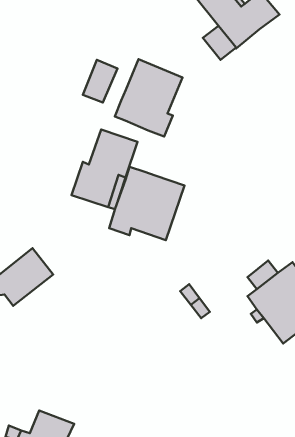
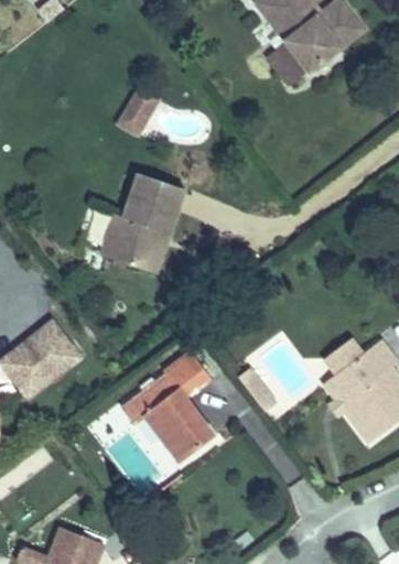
building: [115,59,182,137] -> none
building: [109,167,184,240] -> none
building: none -> [121,351,214,463]

